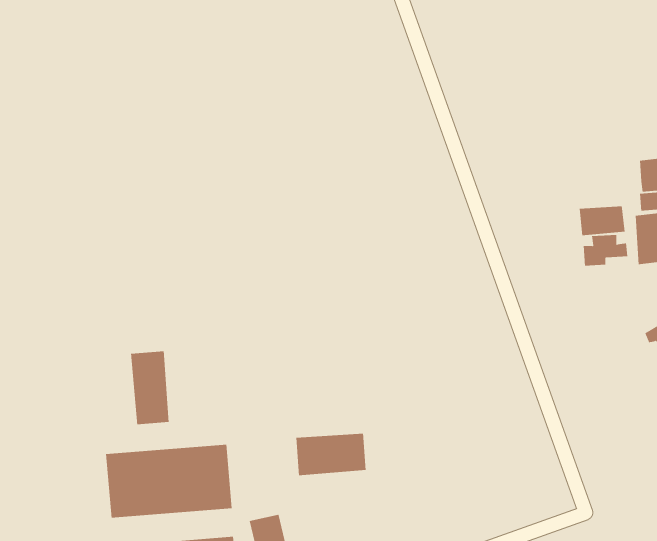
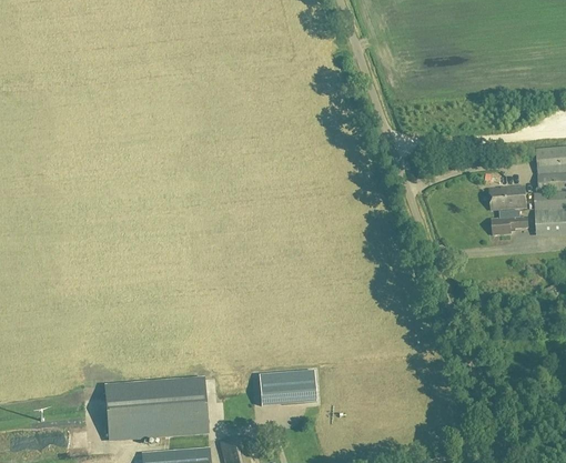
building: [131,350,169,425] -> none

